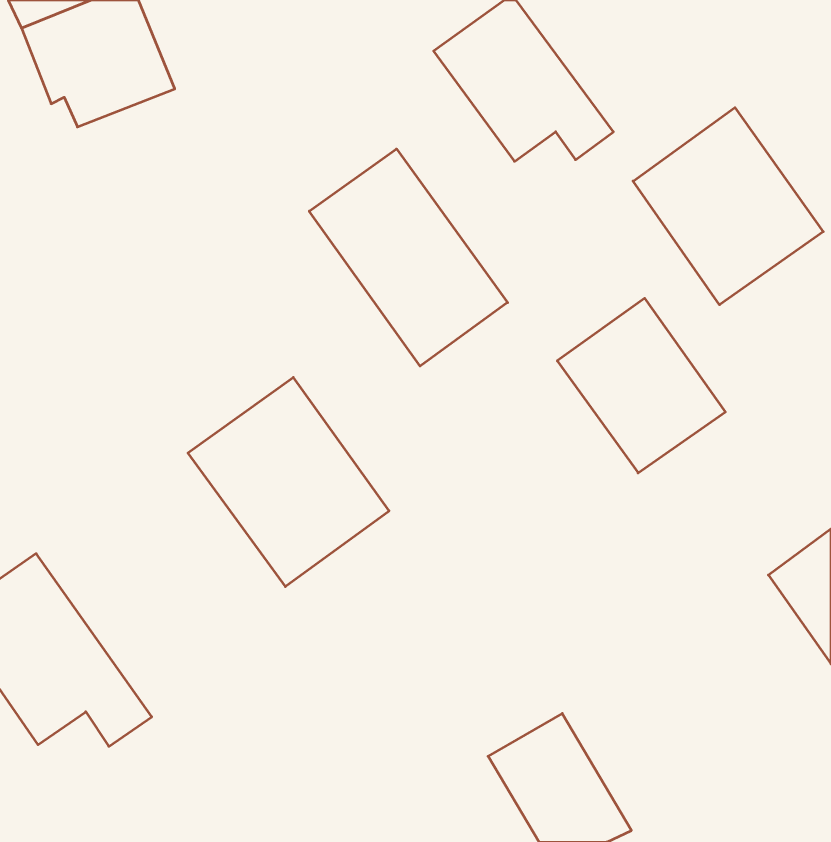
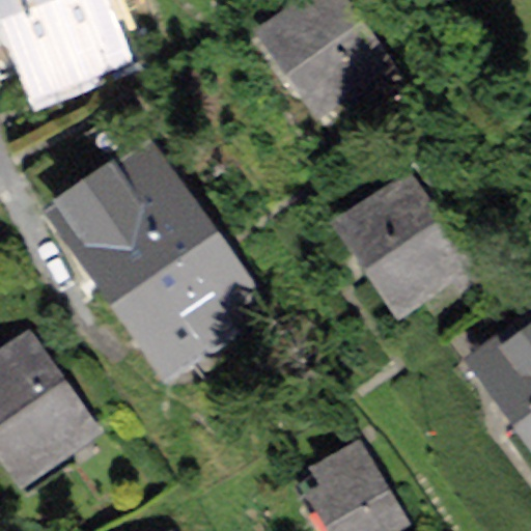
building: [633,108,823,305] -> none
building: [309,149,508,366] -> none
building: none -> [66,119,185,285]

